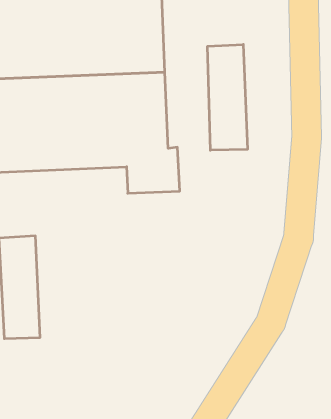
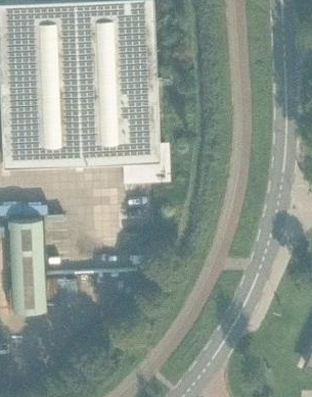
building: [208,44,247,150] -> none

